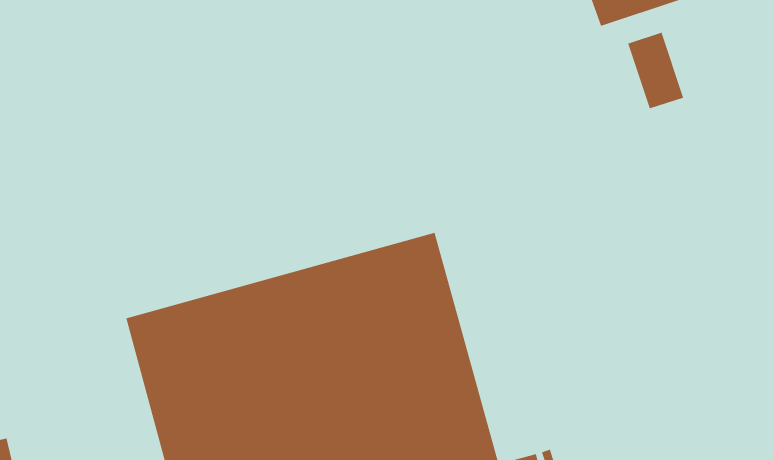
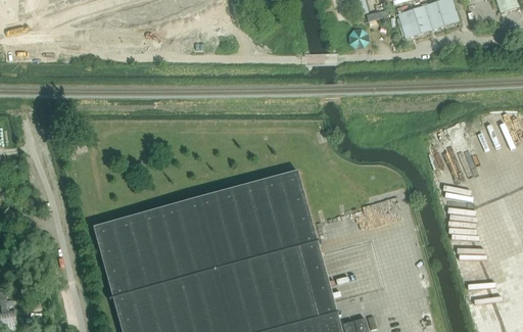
building: [627,32,684,109] -> none

